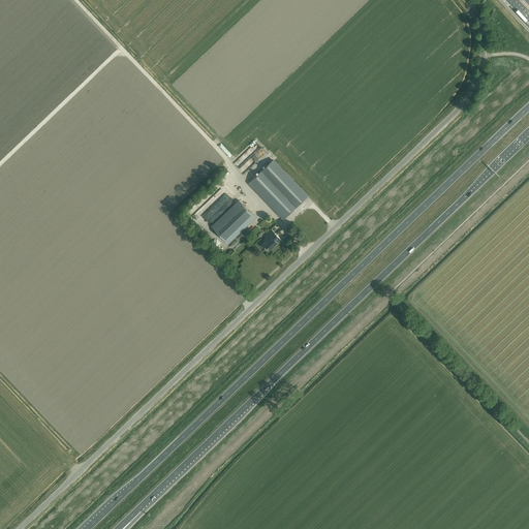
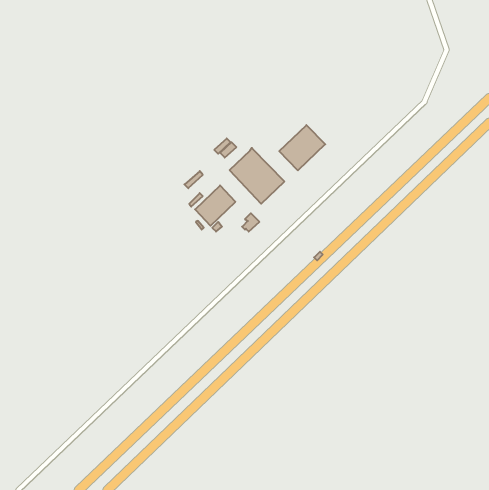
building: none -> [279,125,325,170]

